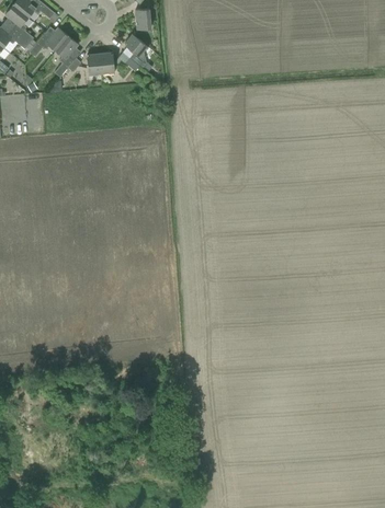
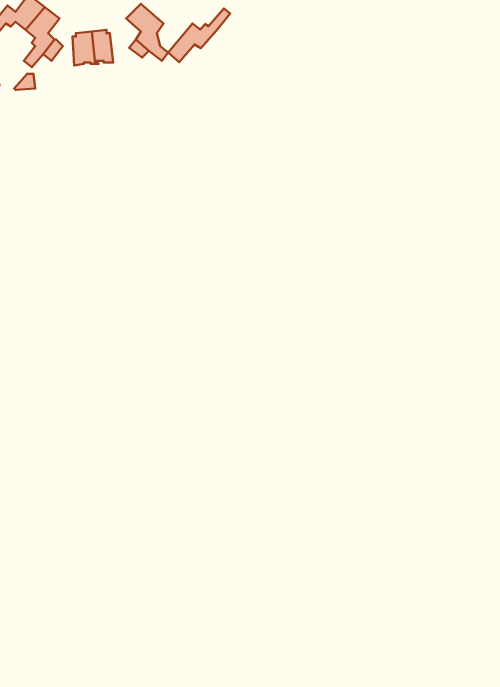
building: none -> [168,8,230,62]

